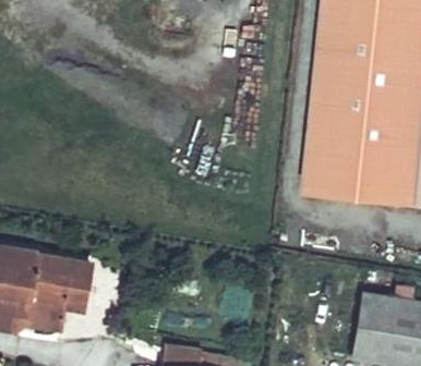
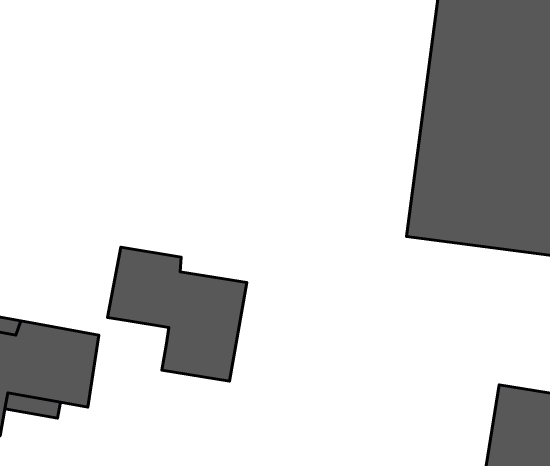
building: none -> [108,247,247,381]

